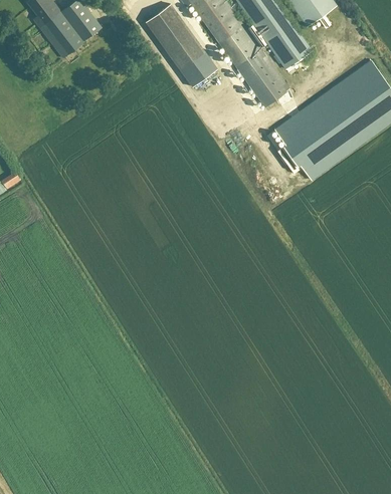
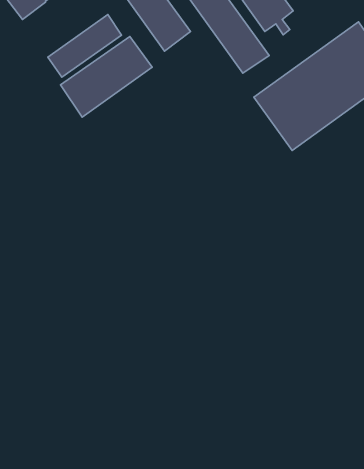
building: none -> [48,15,122,77]
building: none -> [60,36,152,117]

